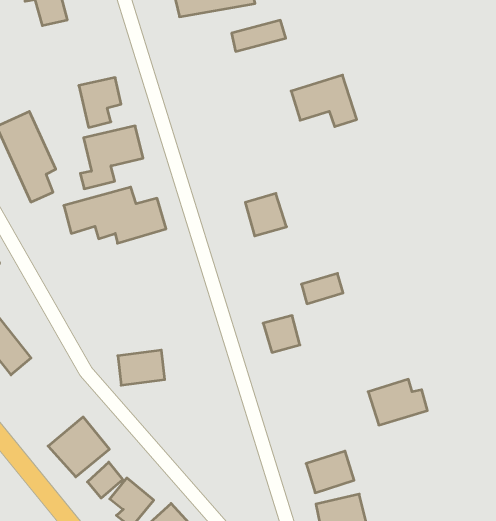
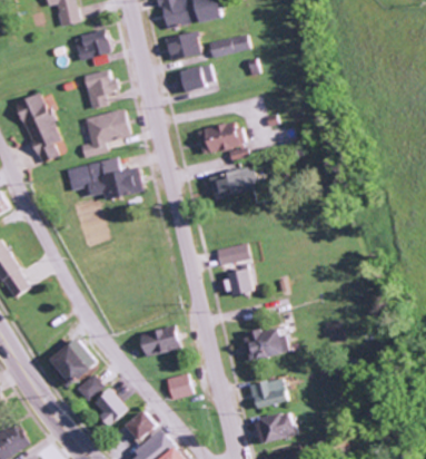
building: none -> [168,32,204,61]
building: none -> [77,29,116,61]
building: none -> [180,66,214,94]
building: [291,75,357,127] -> [201,121,251,162]
building: [301,273,343,304] -> [214,243,246,265]
building: [118,350,165,385] -> [138,328,174,353]
building: [368,379,427,425] -> [240,325,286,360]
building: none -> [165,374,189,399]

